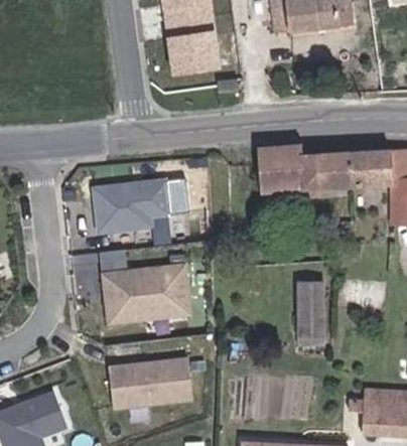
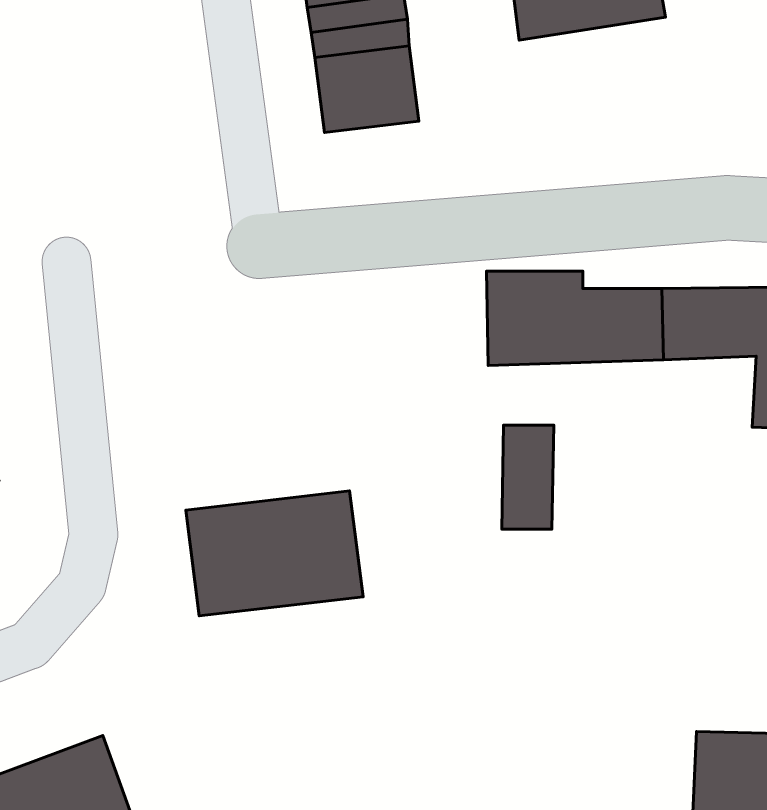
building: [90,176,172,236] -> none
building: [296,284,323,338] -> [502,425,554,529]
building: [108,354,192,409] -> none

